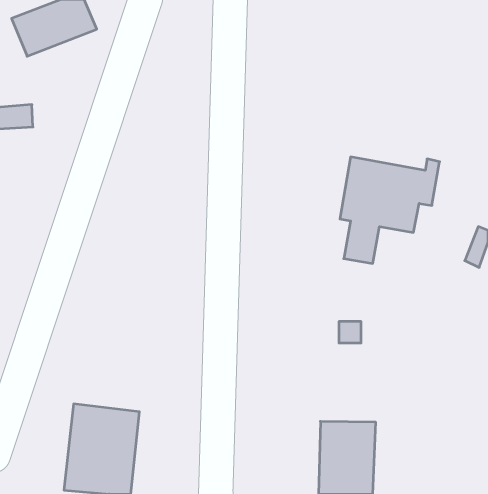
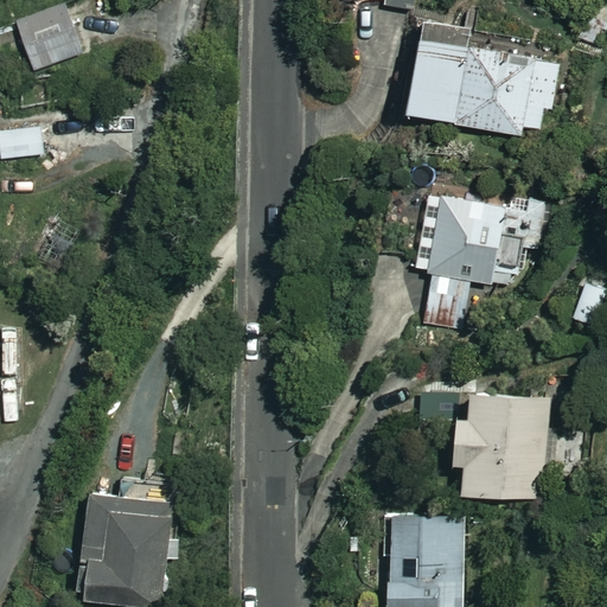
building: none -> [411,37,554,140]
building: none -> [459,392,545,499]

